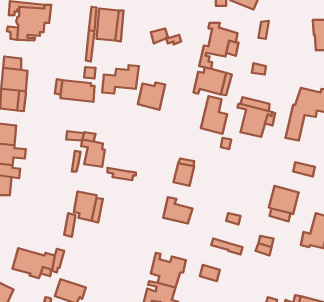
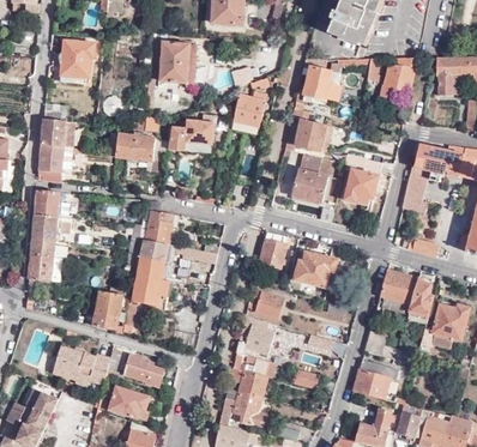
building: none -> [382,58,418,98]
building: [138,82,165,110] -> [231,92,266,127]
building: none -> [137,241,168,280]
building: none -> [289,250,342,290]
building: none -> [407,280,434,324]
building: none -> [91,292,121,331]
building: none -> [236,318,273,355]
building: none -> [121,355,162,388]
building: none -> [352,361,407,406]

